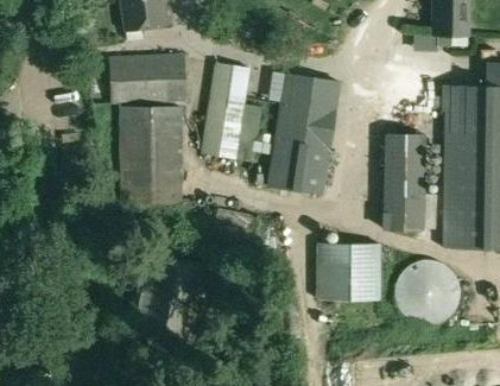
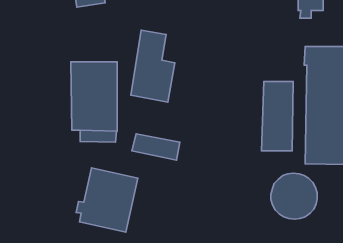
building: [108,55,185,103] -> none
building: [268,72,337,194] -> none
building: [324,243,378,300] -> none

